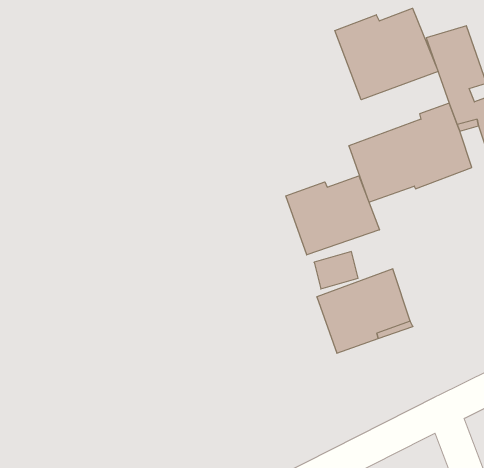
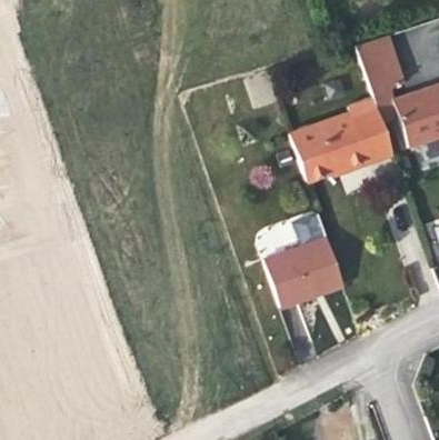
building: [335,8,438,100] -> none
building: [286,176,379,255] -> none

